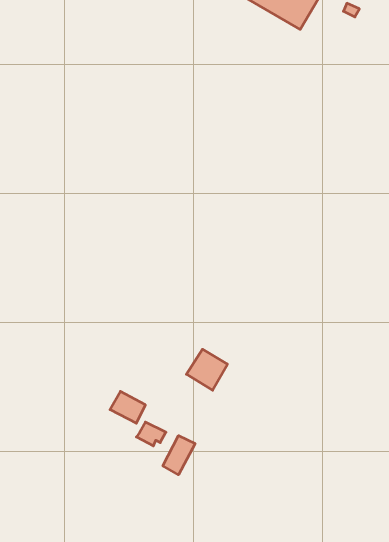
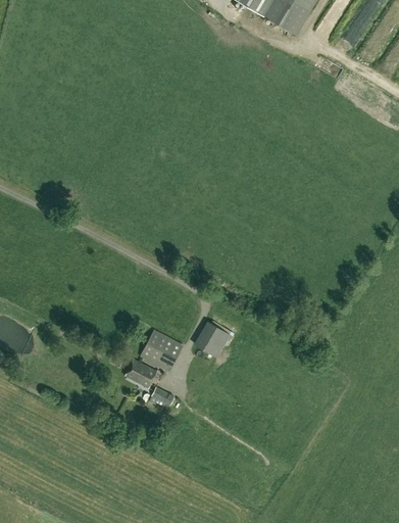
building: none -> [140,330,183,372]
building: [163,436,195,475] -> none

